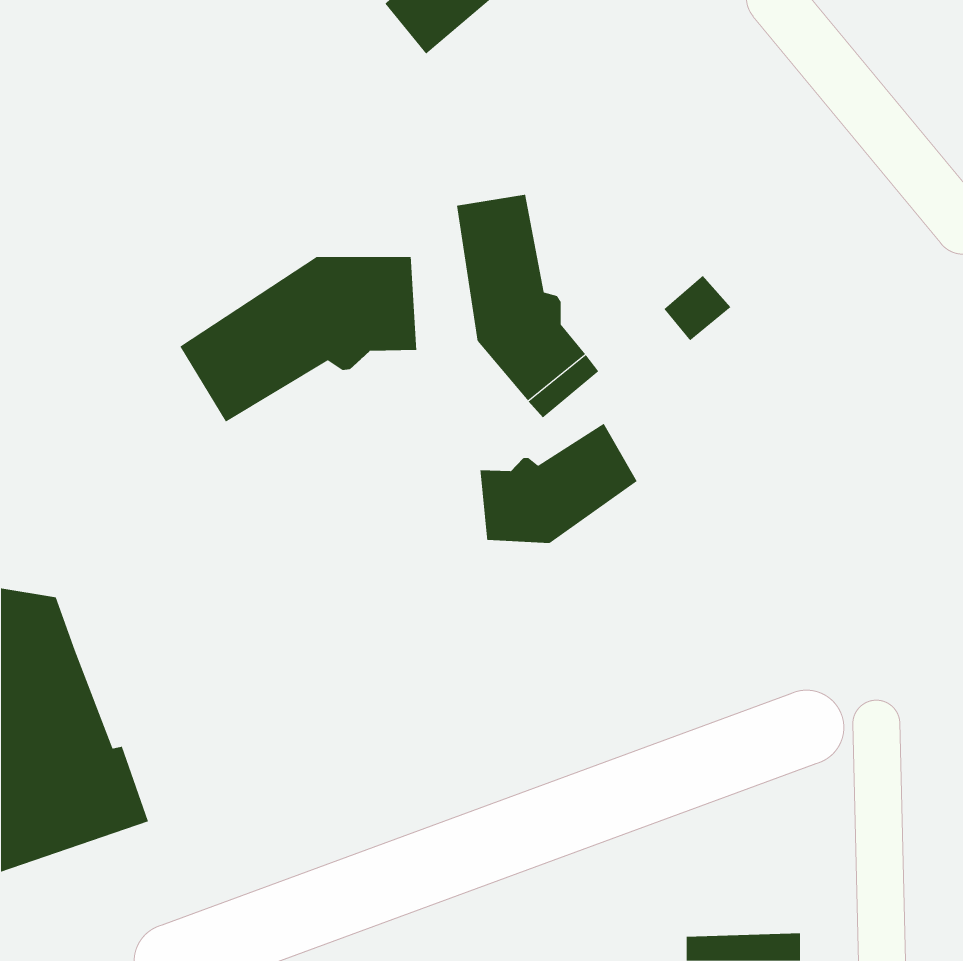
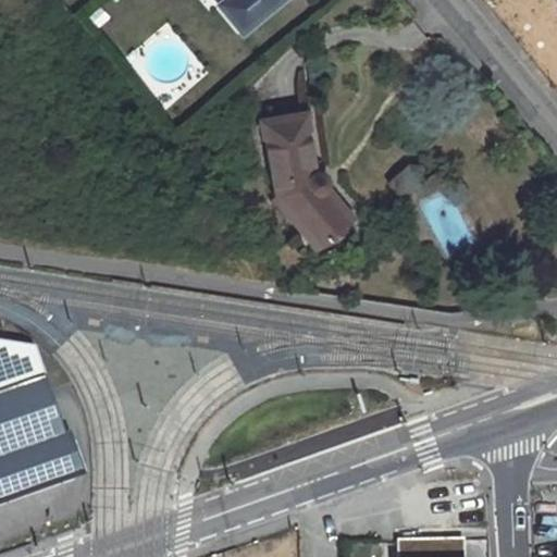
building: [179,256,417,422] -> none
building: [480,423,638,544] -> none

